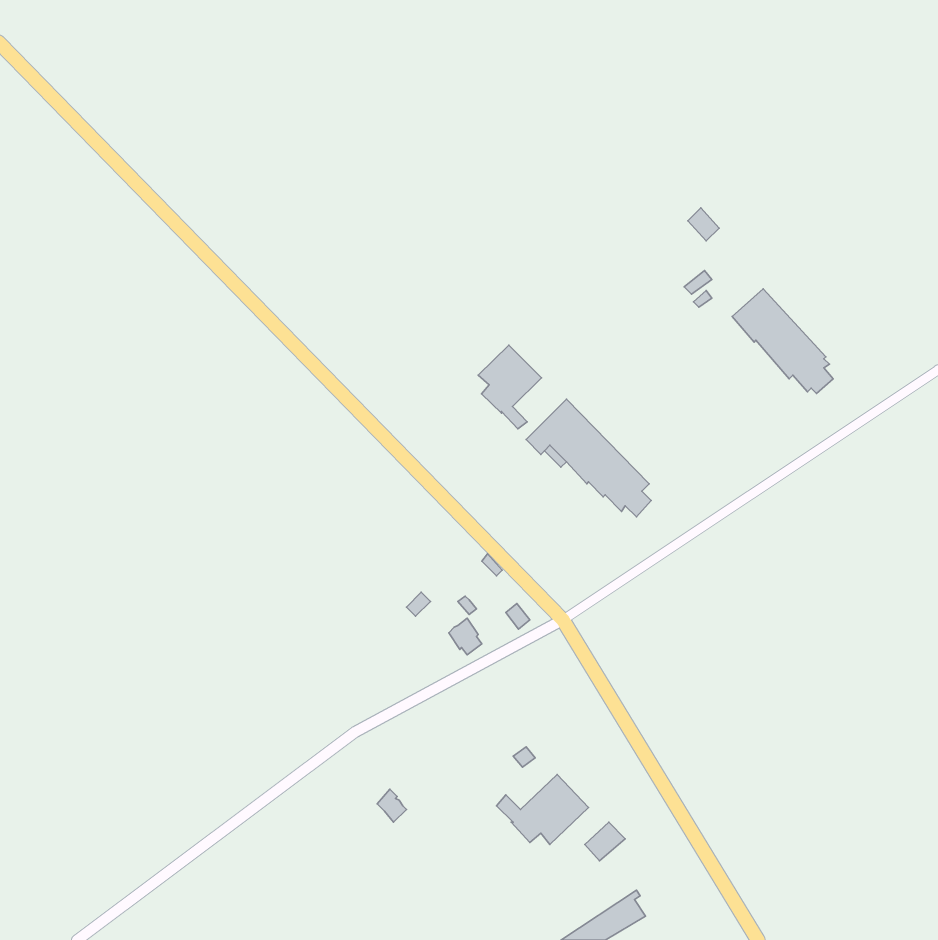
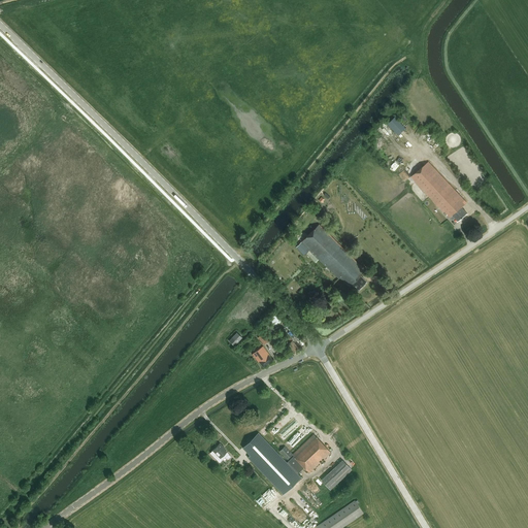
building: [478,345,542,429] -> none
building: none -> [241,433,300,495]

